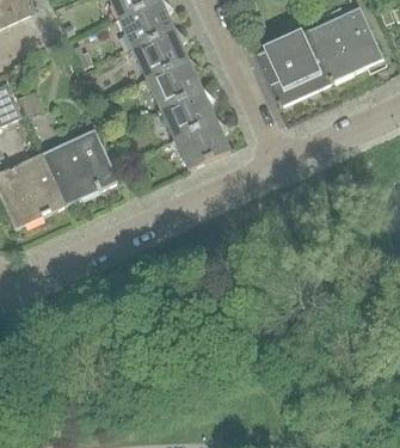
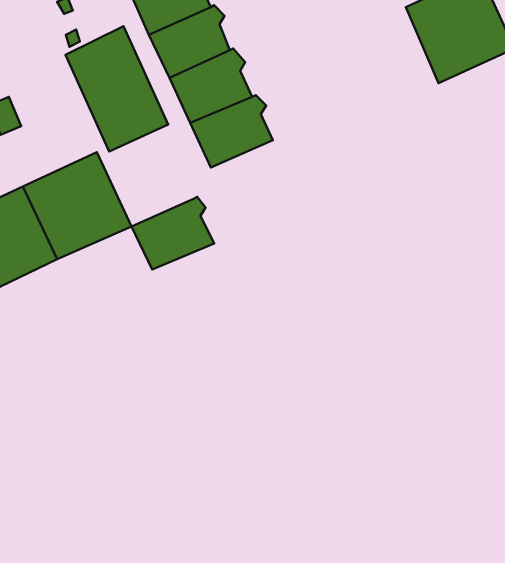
building: [256,27,331,105] -> none
building: none -> [66,26,168,152]
building: [173,118,230,168] -> [131,197,214,270]

